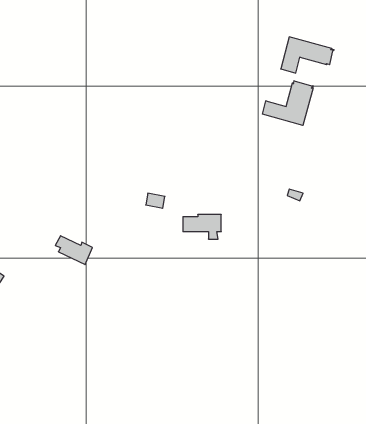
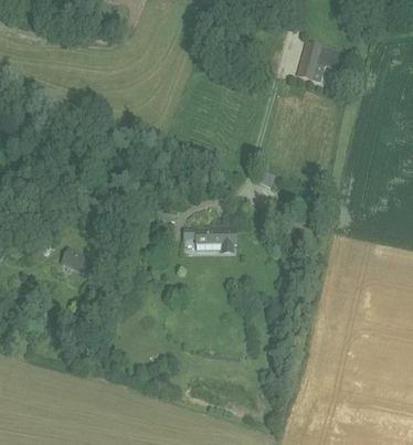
building: [262,81,313,125] -> none

